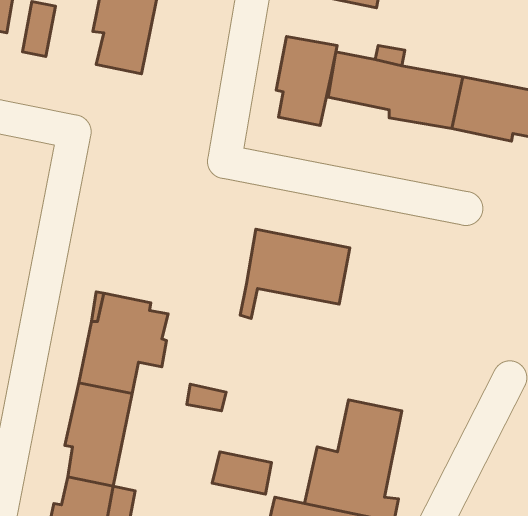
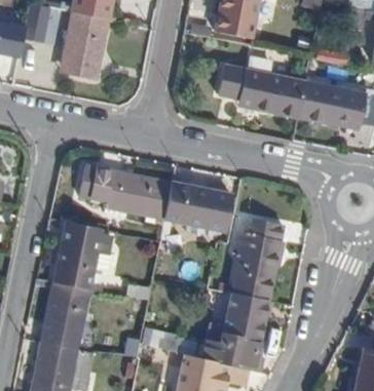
building: [276,36,337,126] -> none
building: none -> [79,164,171,218]
building: none -> [231,219,282,301]

